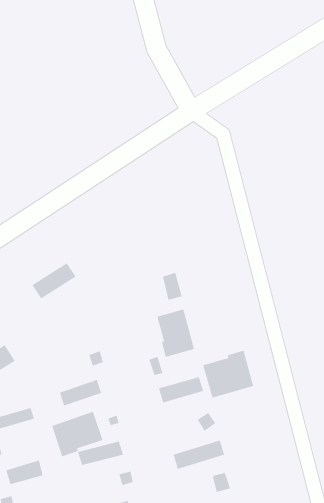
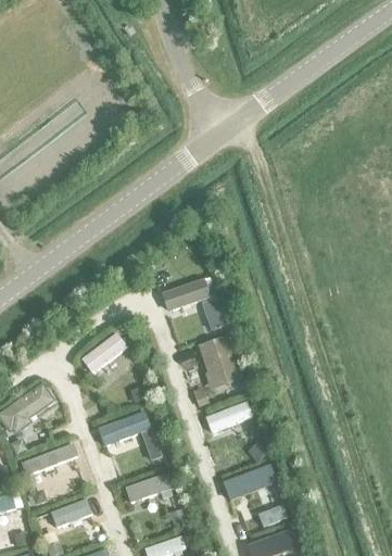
building: none -> [160,277,208,309]
building: [31,262,77,299] -> [79,334,126,375]
building: [202,350,254,398] -> none
building: [51,411,103,457] -> none

